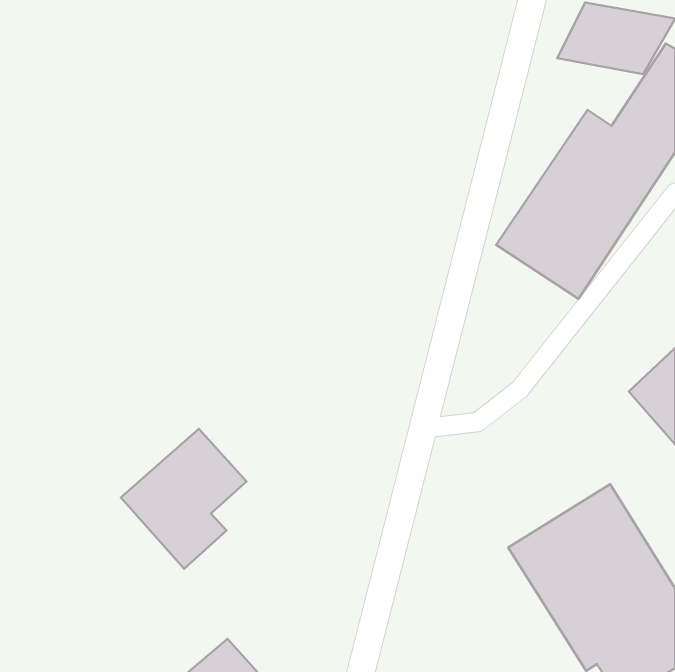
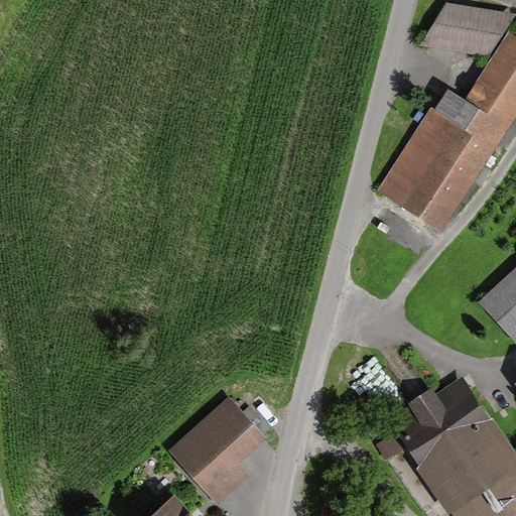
building: [121,429,246,569] -> [169,397,265,504]

